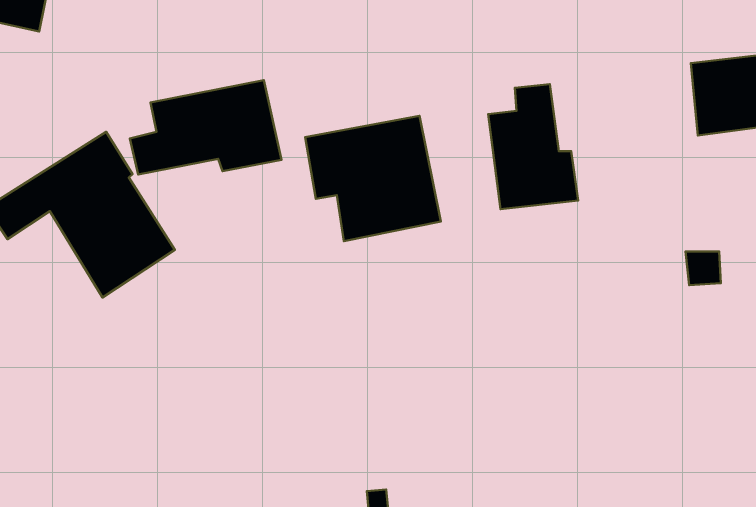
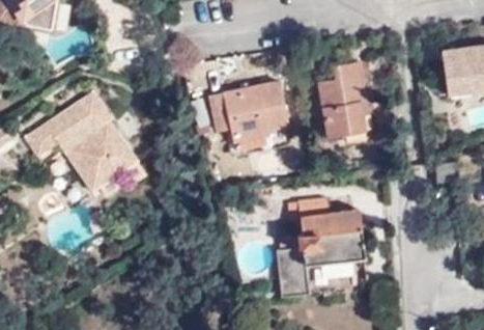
building: [130,80,281,175] -> none
building: none -> [277,201,366,294]

